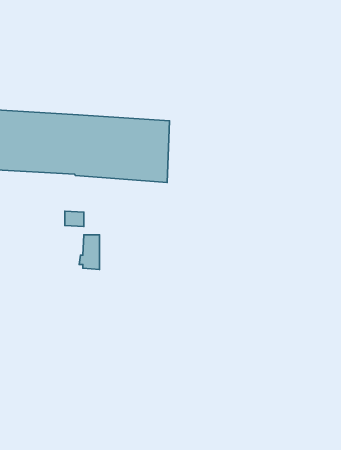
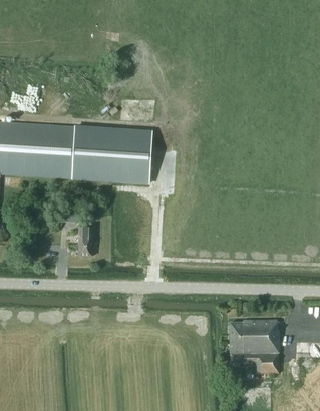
building: none -> [229,319,279,372]

